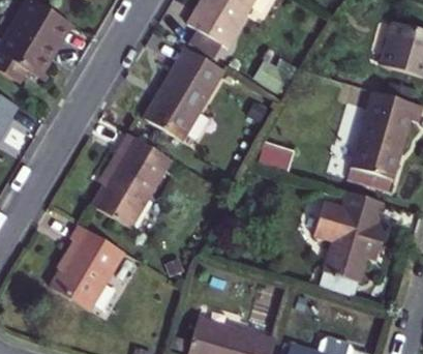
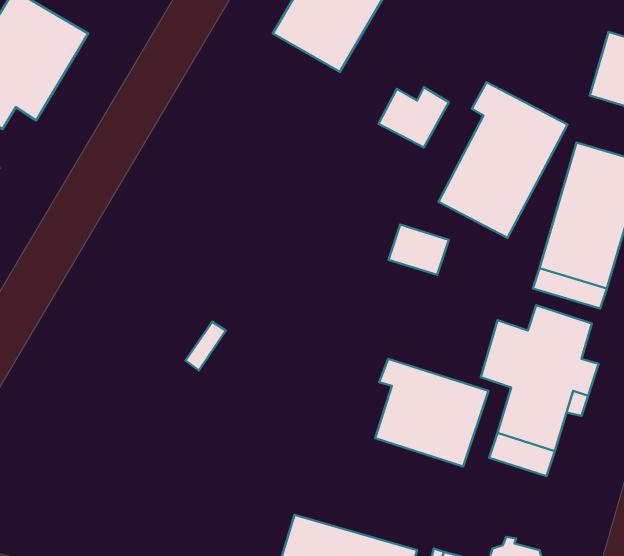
building: [144,48,222,139] -> none
building: none -> [438,82,568,238]
building: [92,132,170,226] -> none
building: [51,224,124,308] -> none
building: none -> [375,359,489,467]

